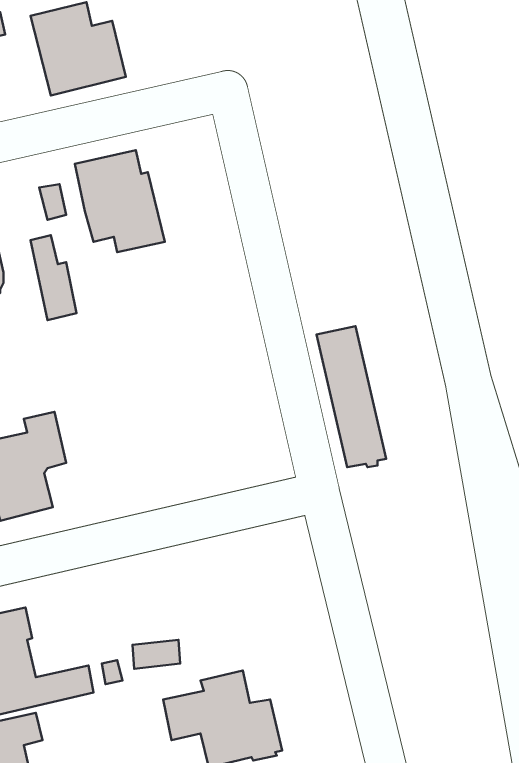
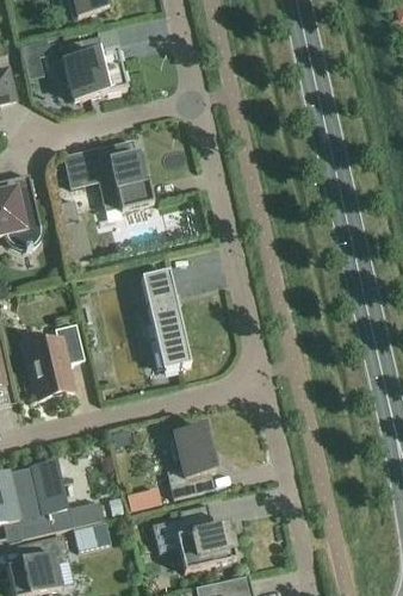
building: [316,326,386,467] -> [141,269,190,368]
building: none -> [166,424,215,497]
building: none -> [74,522,110,551]

